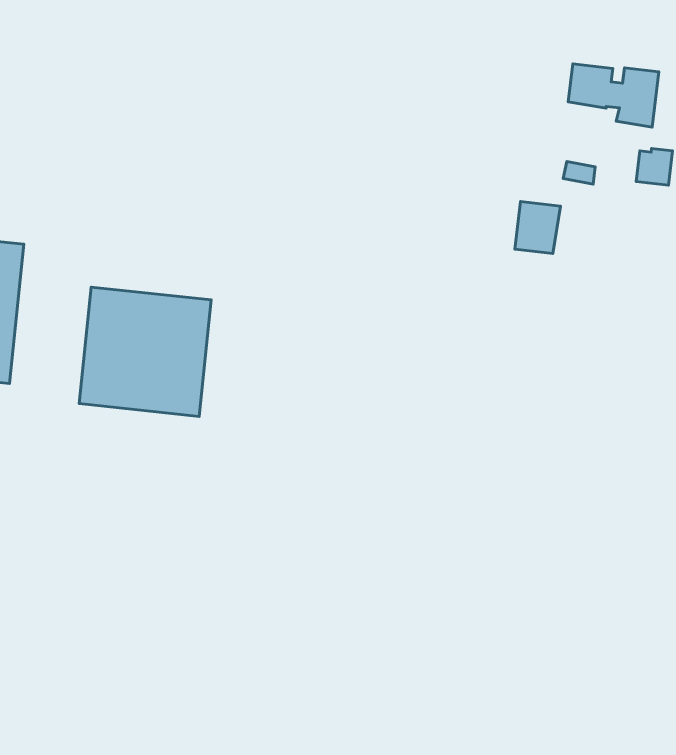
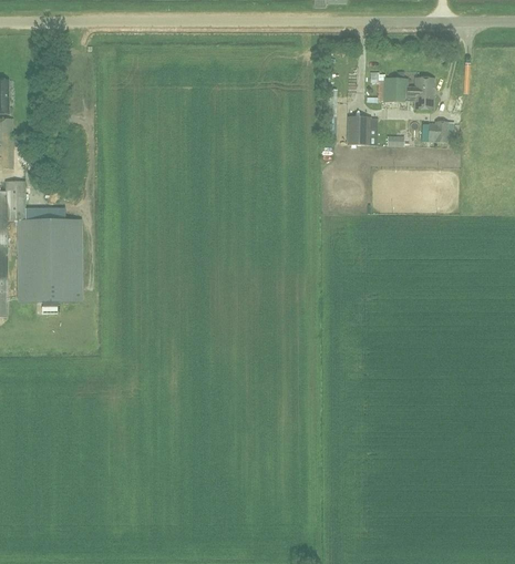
building: [515,201,560,254] -> [346,115,369,143]
building: [79,287,211,416] -> none

